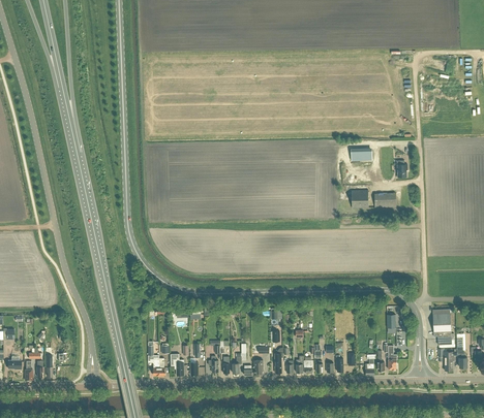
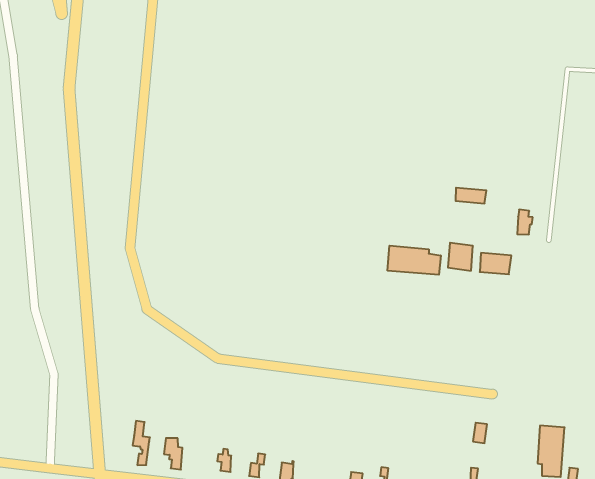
building: none -> [388,246,441,275]

